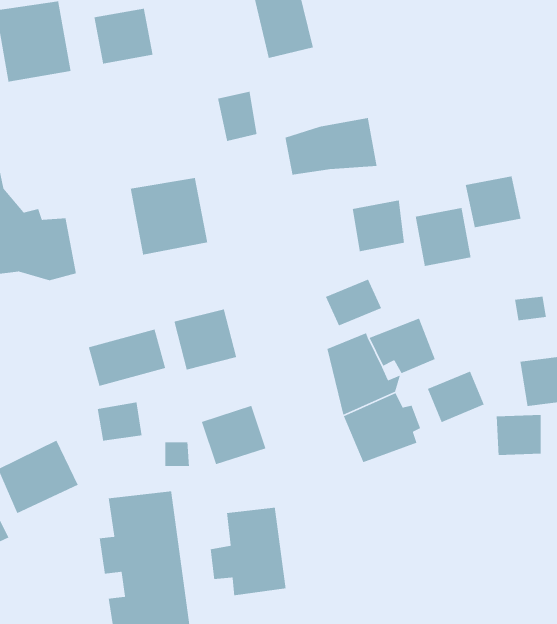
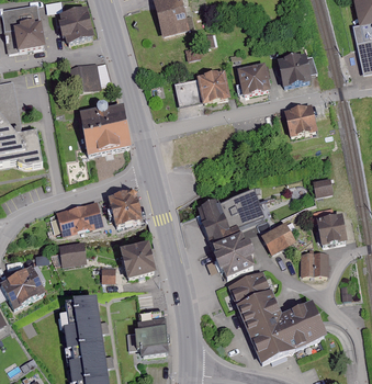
building: none -> [274,52,314,89]
building: [217,91,257,142] -> [76,58,100,89]
building: [352,199,405,252] -> [235,64,267,95]
building: [415,207,472,267] -> none
building: [325,278,382,326] -> none
building: none -> [226,271,325,365]

